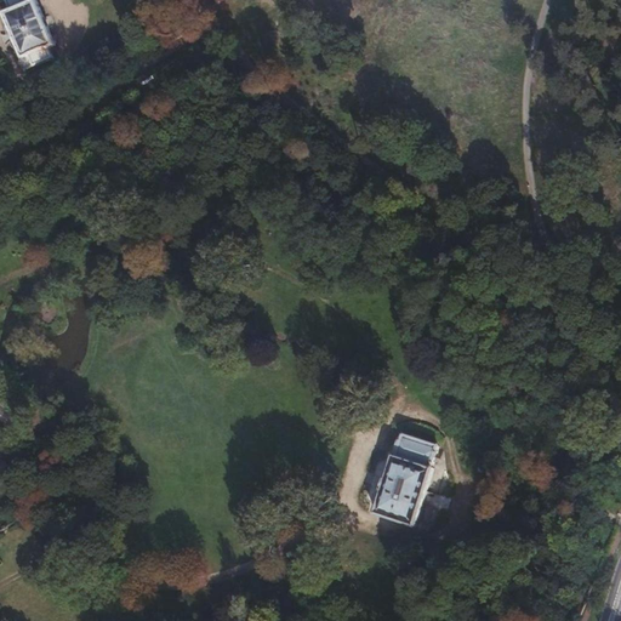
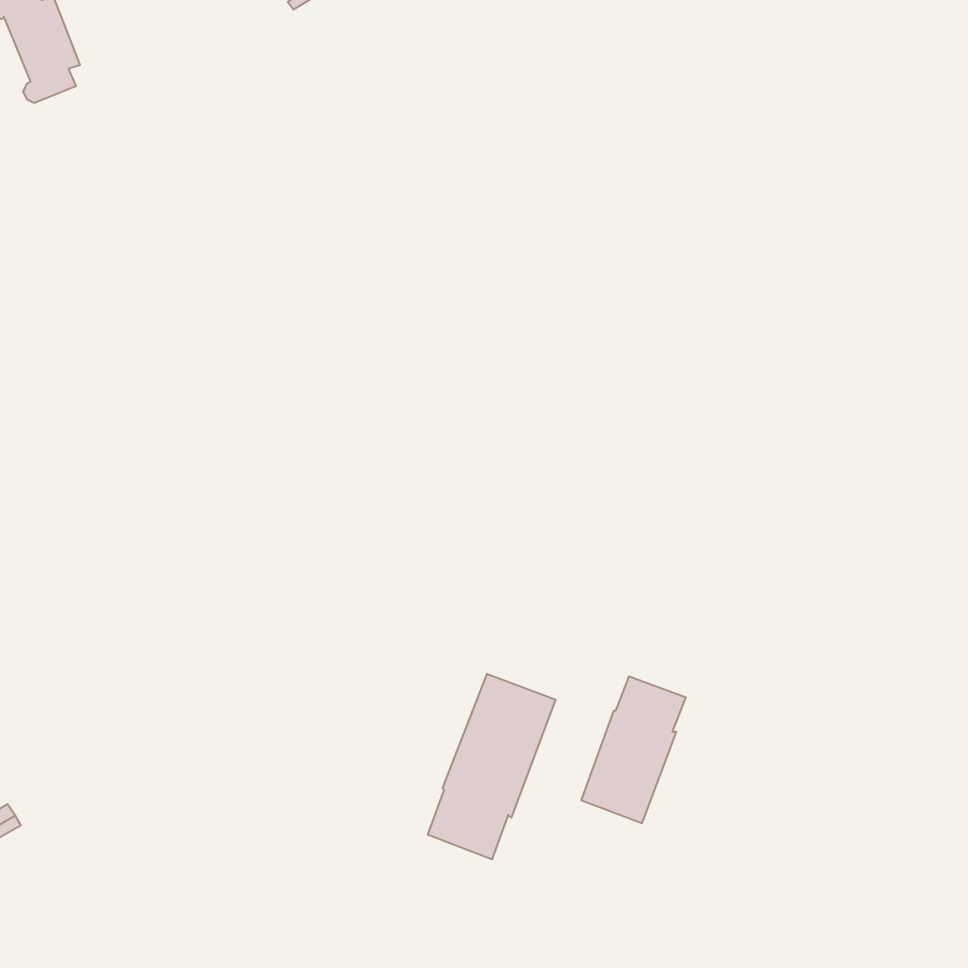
building: none -> [428,674,556,859]

